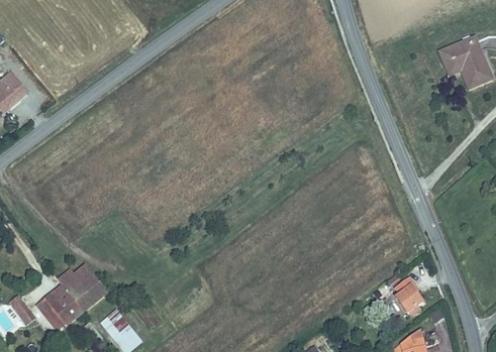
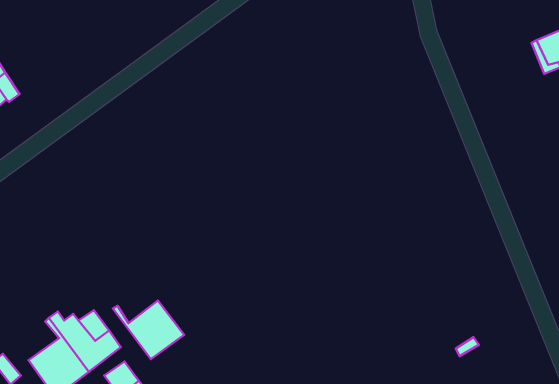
building: none -> [113,300,184,359]
building: [396,276,424,313] -> none

